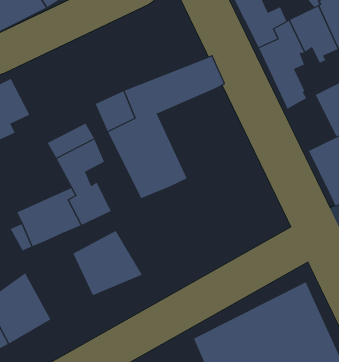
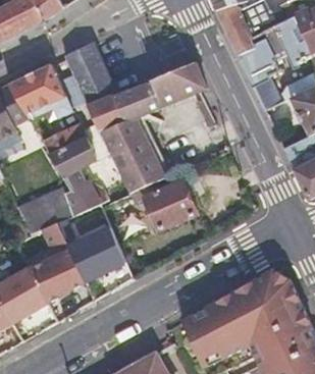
building: none -> [65,45,114,106]
building: none -> [11,64,74,119]
building: none -> [129,180,197,229]
building: none -> [24,224,86,303]

